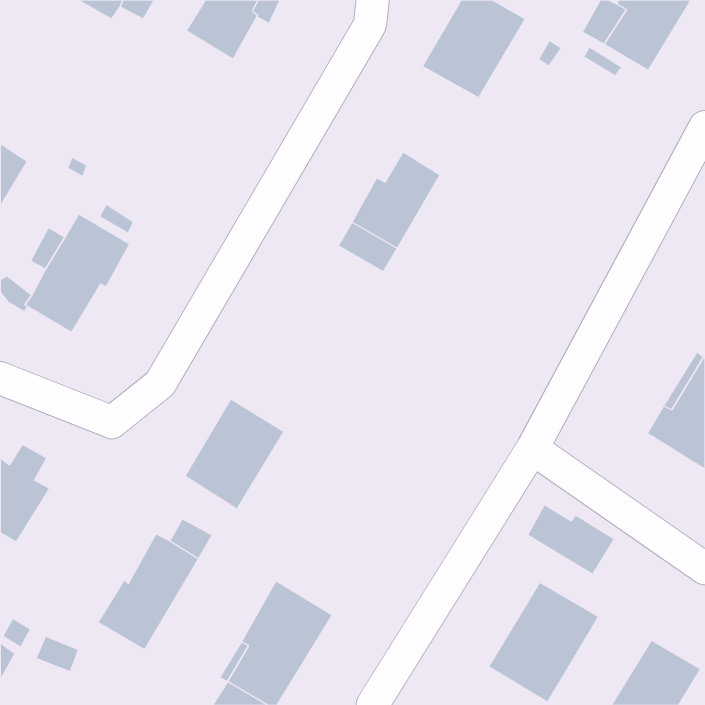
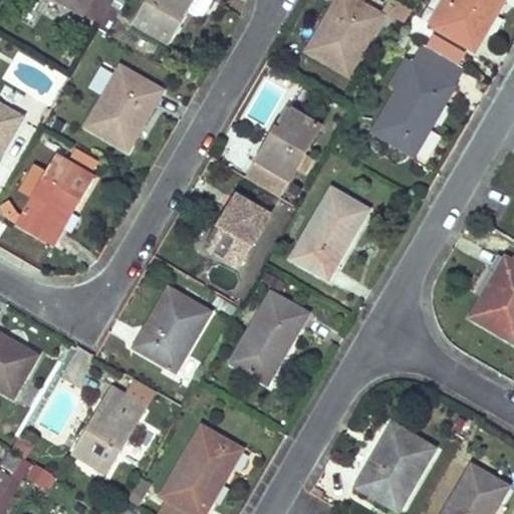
building: none -> [371,41,463,153]
building: none -> [87,66,162,150]
building: none -> [290,186,366,276]
building: none -> [210,196,268,267]
building: none -> [230,289,309,381]
building: [527,504,614,575] -> none

